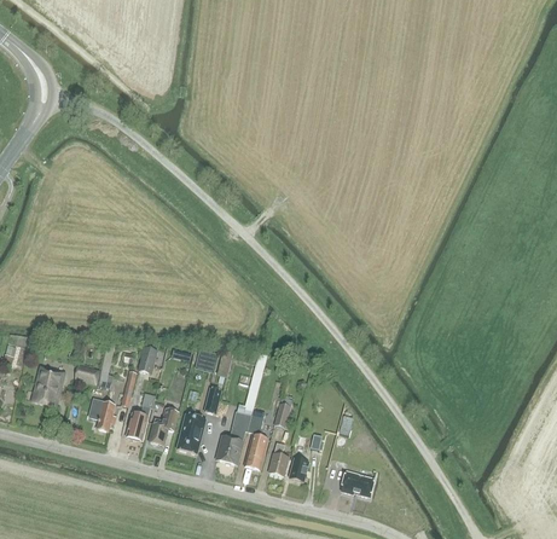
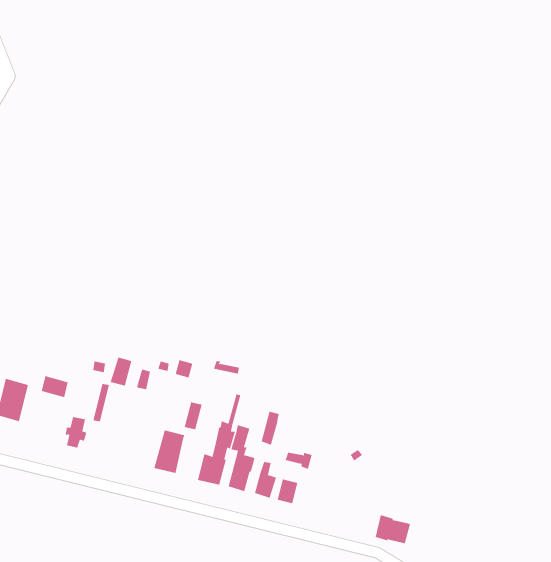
building: [126,393,155,440] -> none
building: [149,407,179,445] -> none
building: [341,470,373,497] -> [375,515,411,544]

